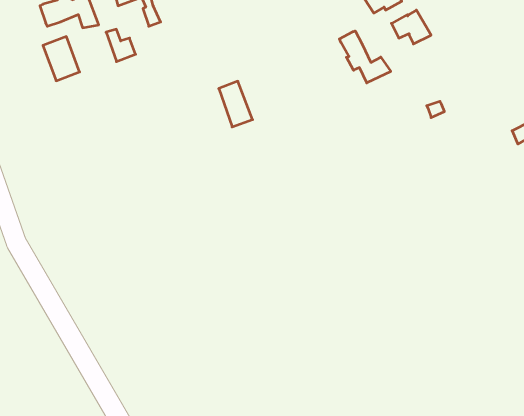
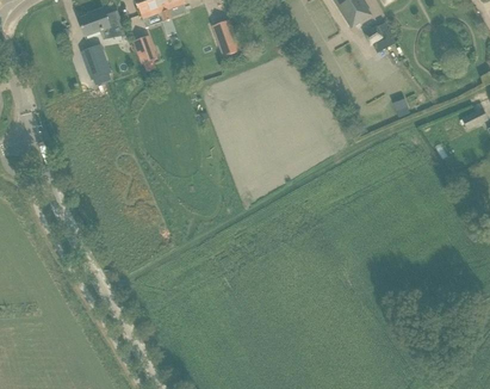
building: [339,31,391,83] -> none
building: [219,81,253,127] -> [212,19,240,56]

